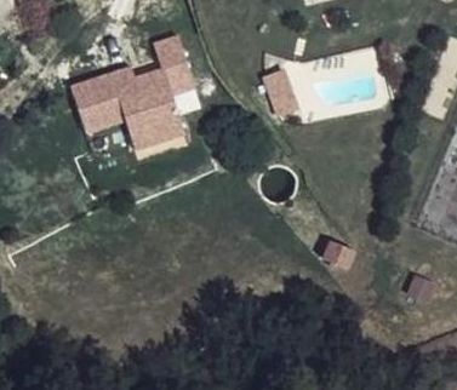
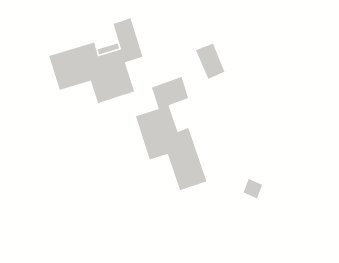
building: none -> [135,76,208,191]

